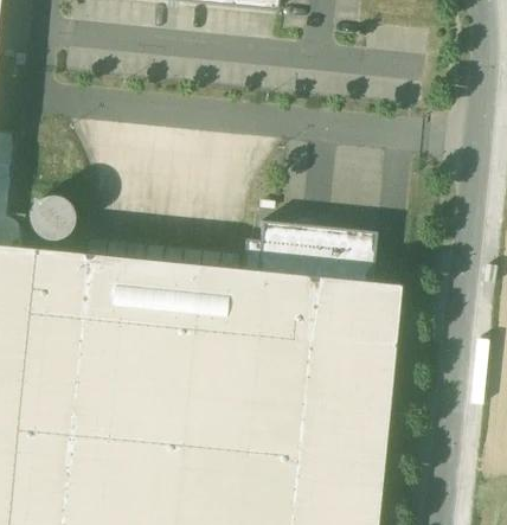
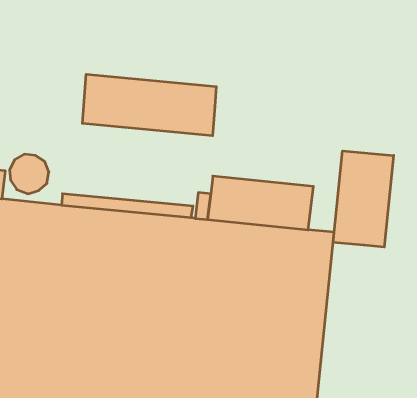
building: none -> [82,74,216,136]
building: none -> [333,151,394,247]

